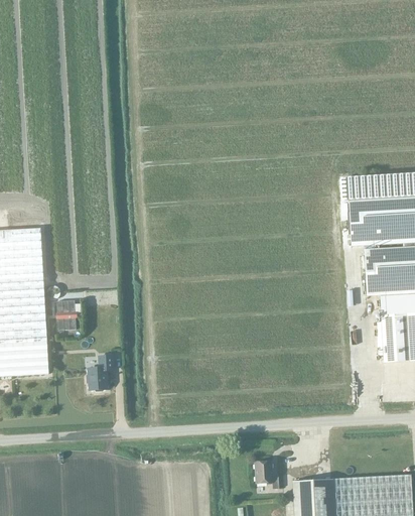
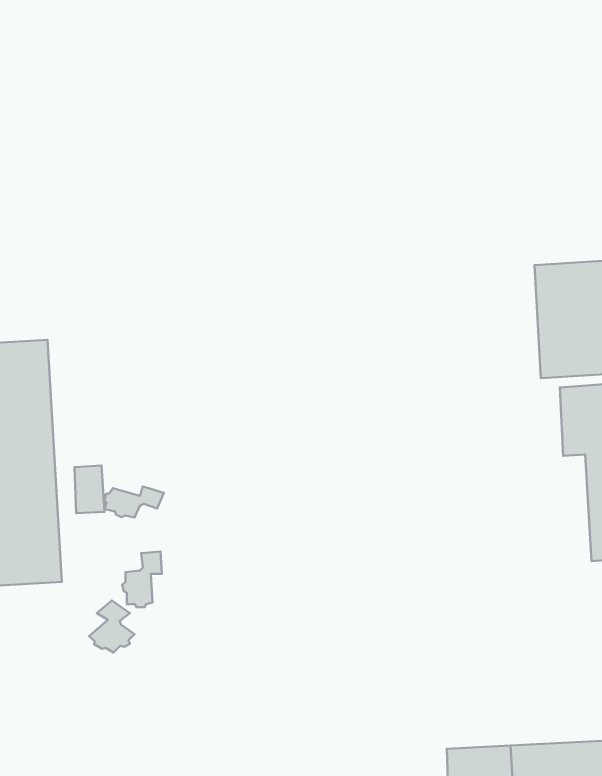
building: none -> [104,486,164,517]
building: none -> [89,601,134,653]
building: [256,462,280,490] -> none

